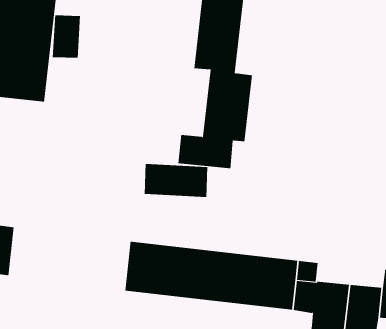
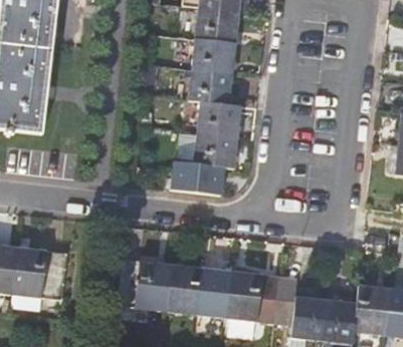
building: [52,15,81,59] -> none
building: [144,163,208,198] -> none
building: none -> [11,246,65,297]

